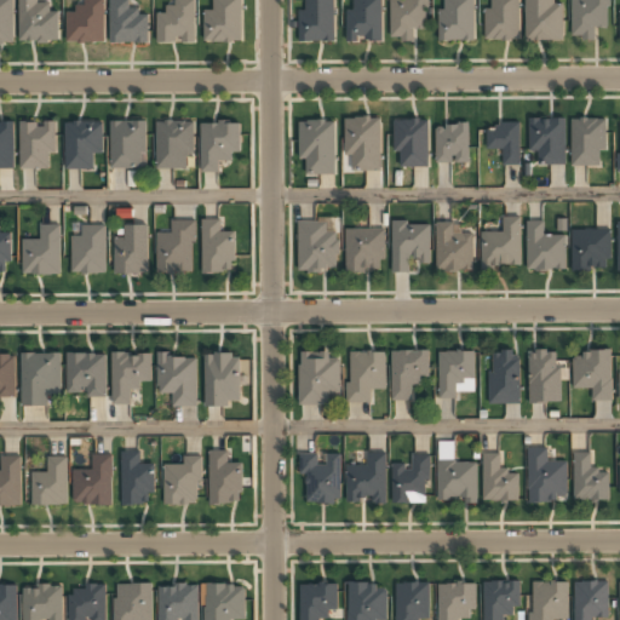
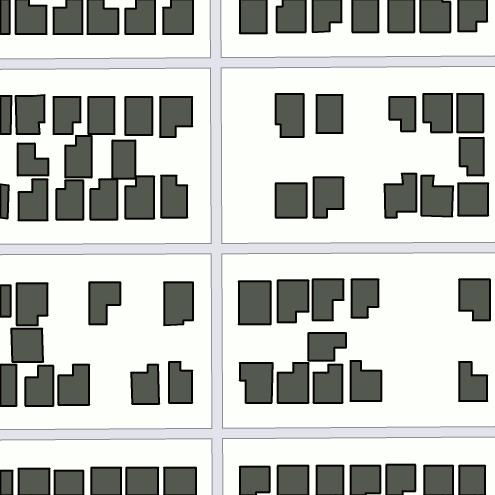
building: [300,121,335,174] -> none
building: [436,124,469,161] -> none
building: none -> [65,136,91,178]
building: none -> [460,138,484,176]
building: none -> [113,140,135,179]
building: none -> [18,143,48,176]
building: [297,220,337,271] -> none
building: [436,222,473,271] -> none
building: [489,348,519,402] -> none
building: [530,348,561,402] -> none
building: [67,354,107,395] -> [11,329,43,362]
building: [159,356,197,406] -> none
building: none -> [309,333,346,361]
building: [528,447,567,500] -> none
building: [121,450,154,505] -> none
building: [483,453,519,500] -> none

